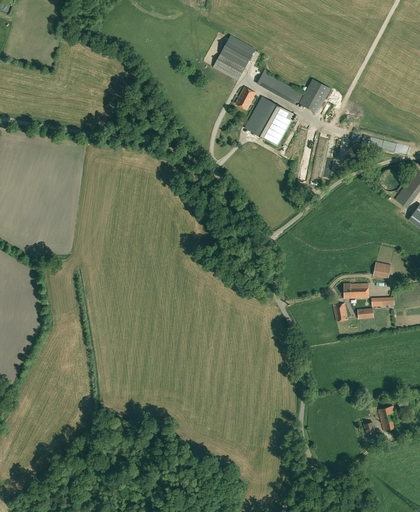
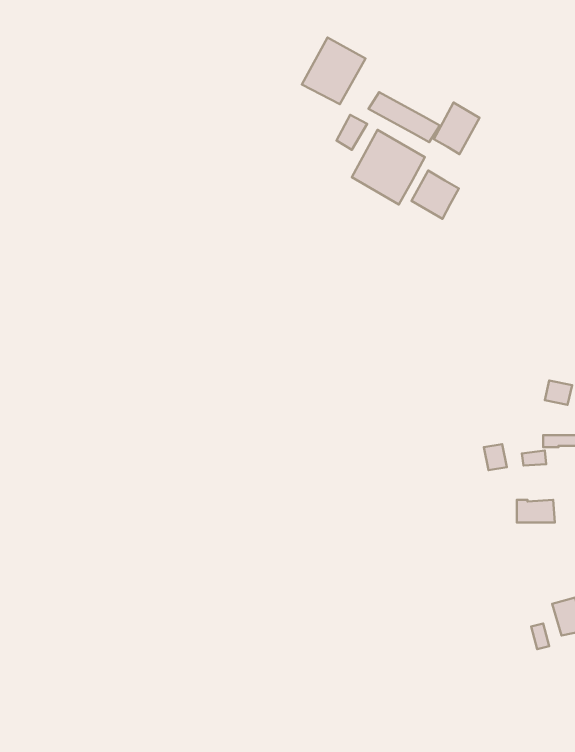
building: none -> [412,171,459,219]
building: [344,283,369,298] -> [517,500,555,523]

